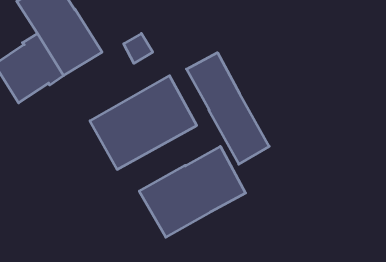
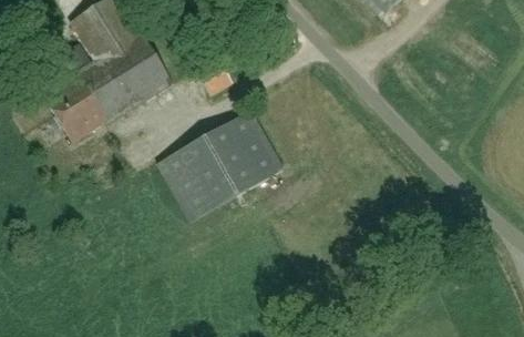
building: [186,53,269,164] -> none
building: [139,146,246,237] -> none

